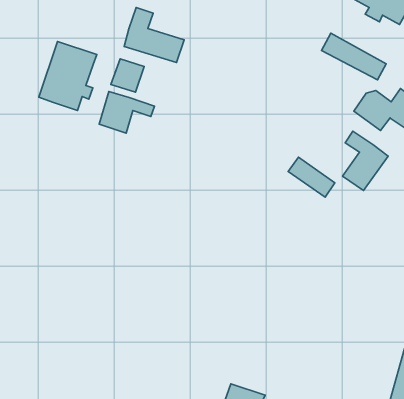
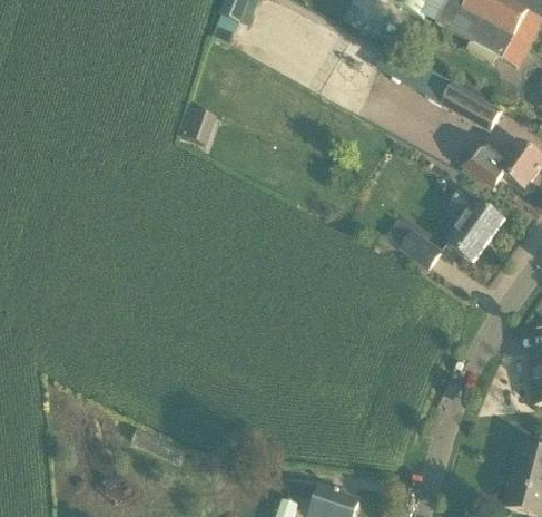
building: [124,7,184,63] -> none
building: [39,41,97,111] -> none
building: [99,91,155,133] -> none

